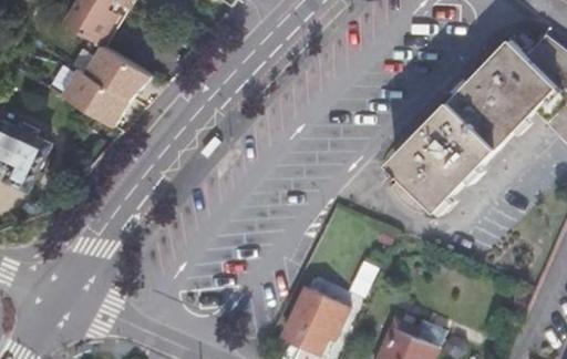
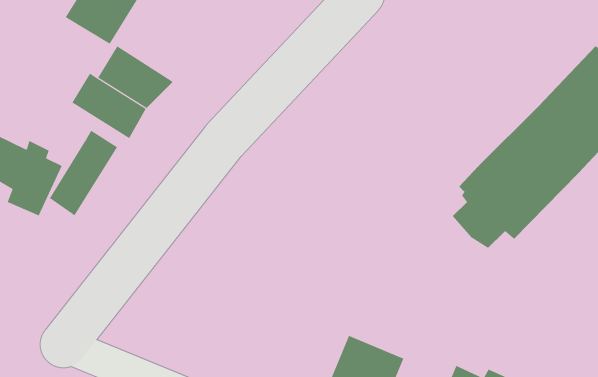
building: none -> [49,130,118,216]

